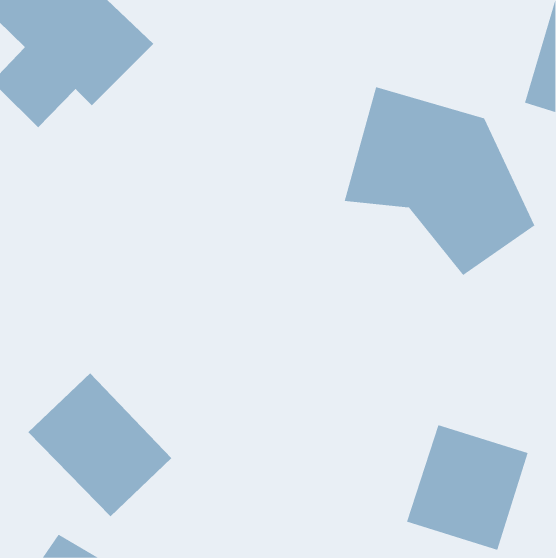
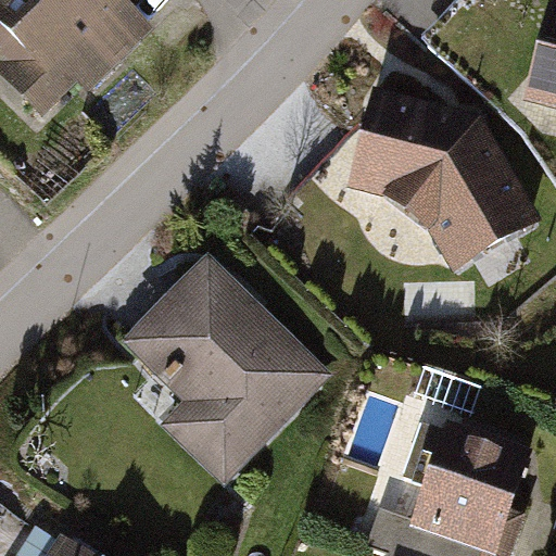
building: none -> [116,254,327,483]
building: [27,373,172,517] -> none

